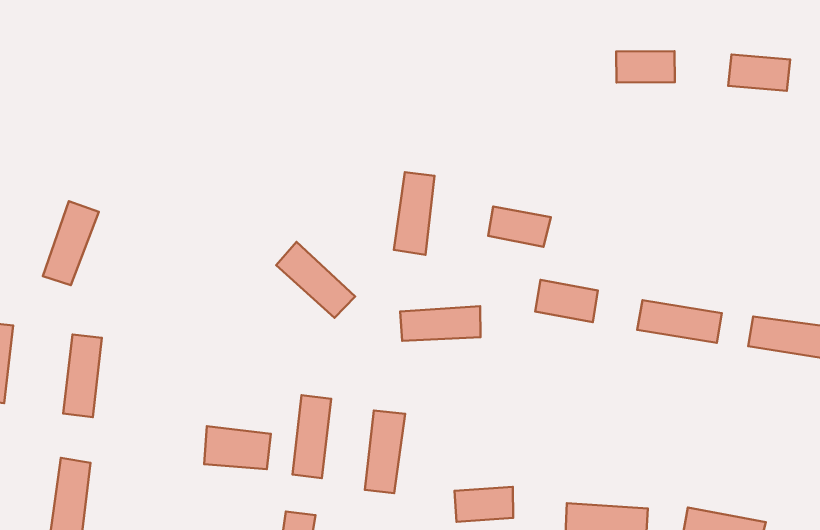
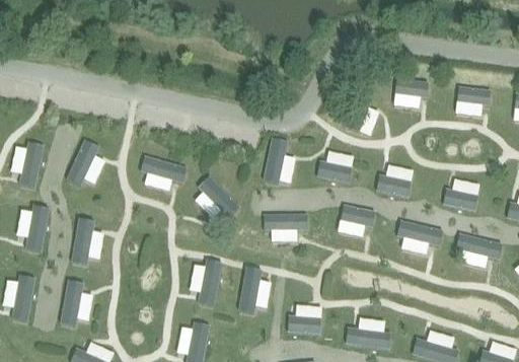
building: none -> [141,155,188,182]
building: none -> [376,172,412,198]
building: none -> [443,187,478,211]
building: [204,426,271,469] -> none

